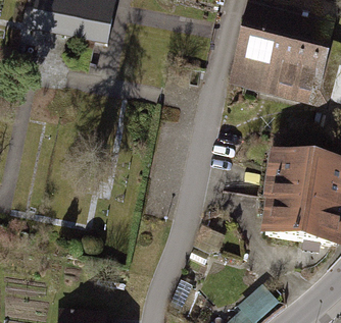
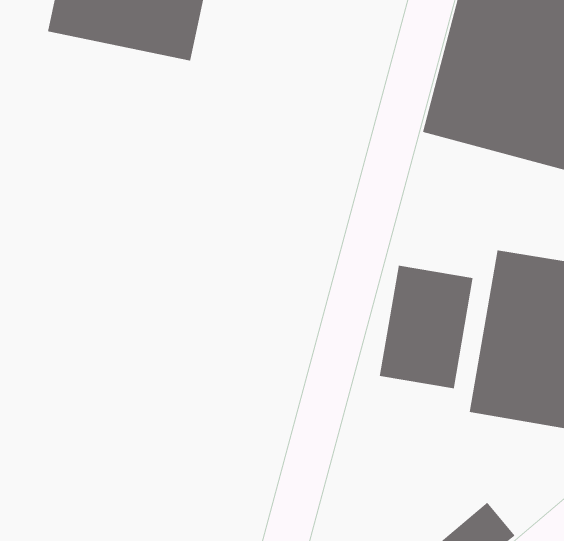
building: none -> [379,265,473,389]

